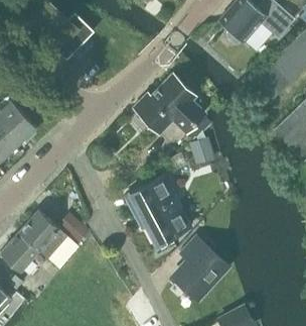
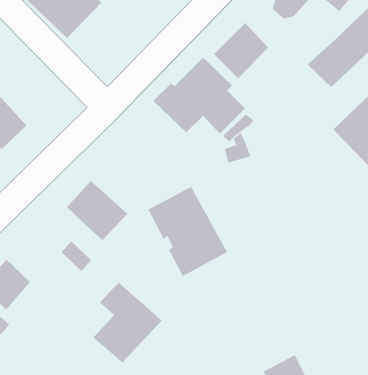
building: none -> [213,22,269,79]
building: [19,210,67,257] -> [66,180,128,241]
building: [174,236,228,300] -> [93,282,163,363]

